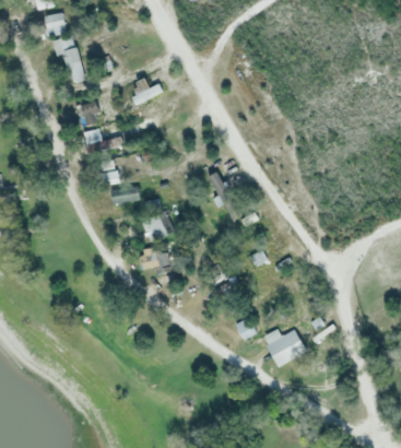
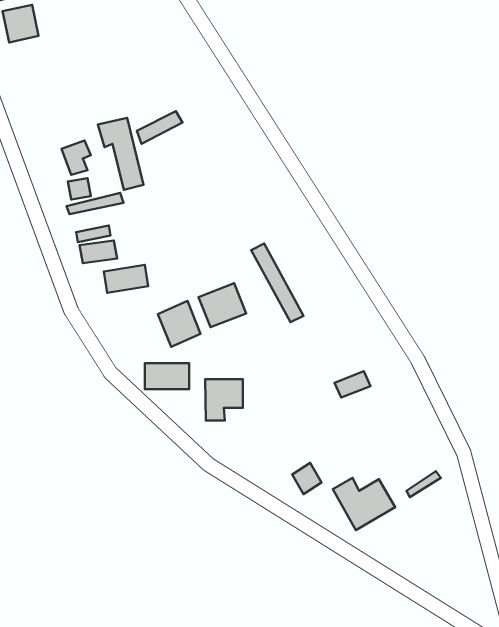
building: [52,34,83,82] -> [98,118,144,190]
building: none -> [198,283,246,327]
building: none -> [205,379,243,421]

